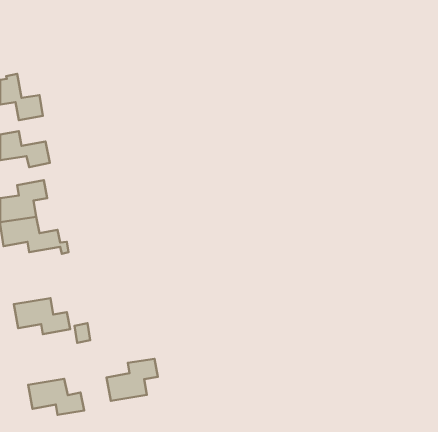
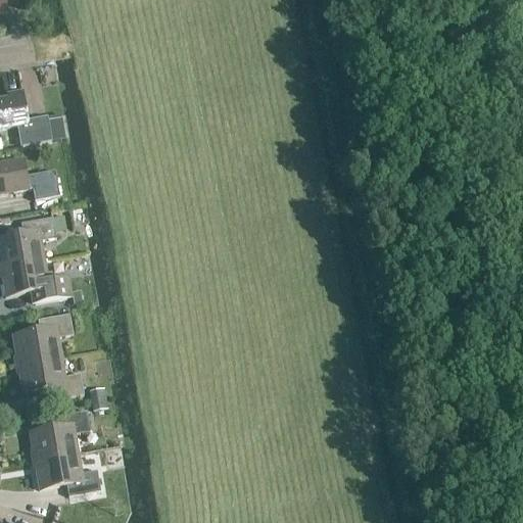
building: none -> [12,313,73,363]
building: [106,359,158,401] -> [29,409,90,459]

